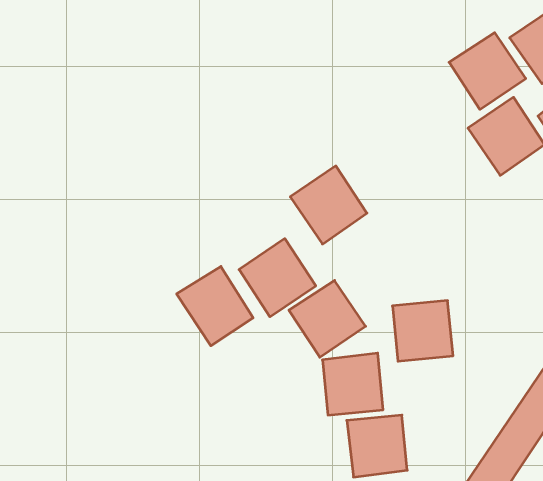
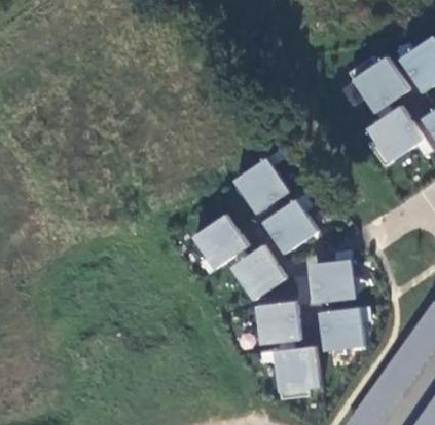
building: none -> [261,197,320,257]
building: [177,266,253,346] -> none
building: none -> [319,306,365,353]

